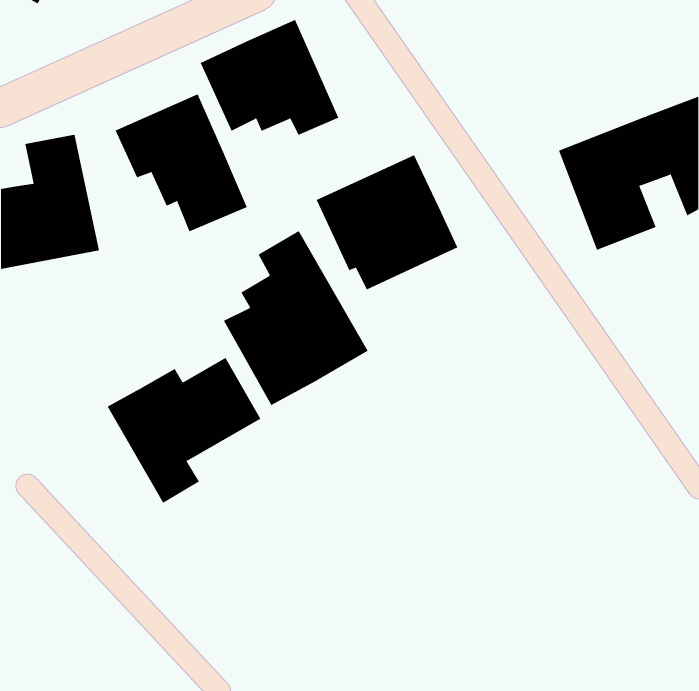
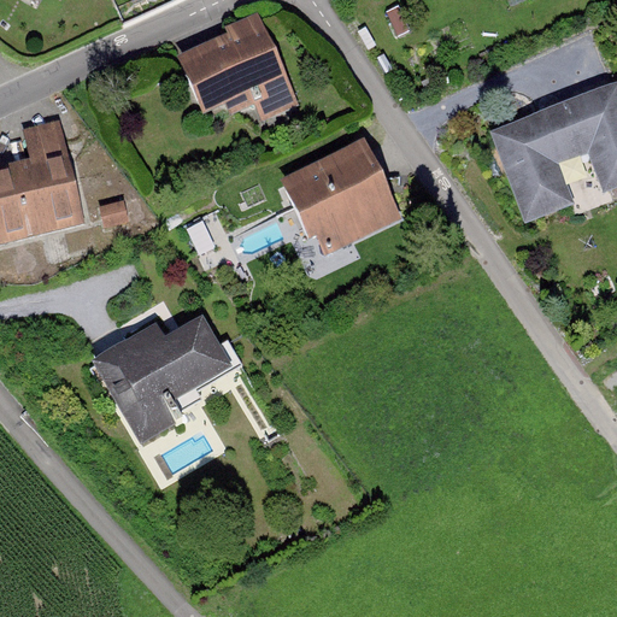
building: [115,93,247,232] -> none
building: [223,230,369,406] -> none

